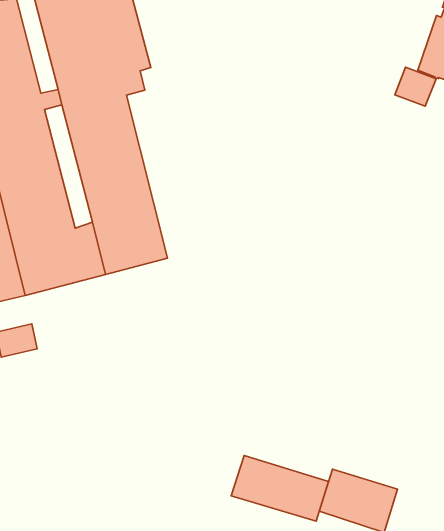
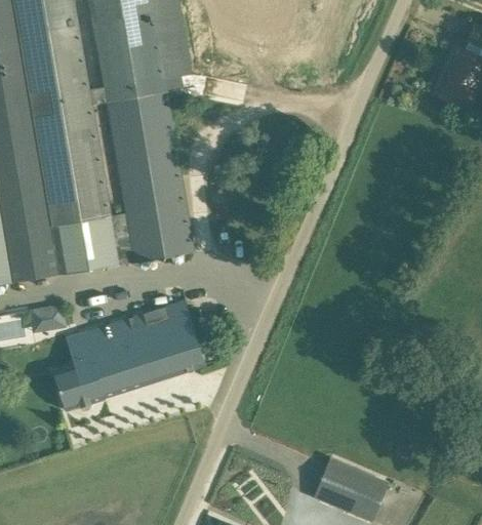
building: [395,67,436,106] -> none
building: none -> [51,299,204,409]
building: [231,455,328,521] -> none

